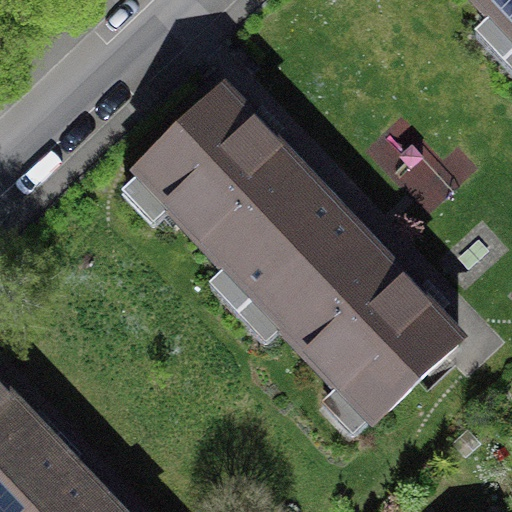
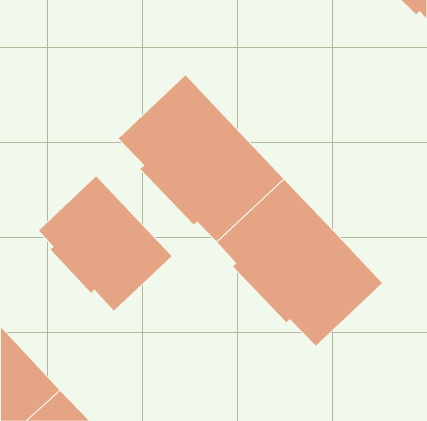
building: none -> [38,175,173,312]

